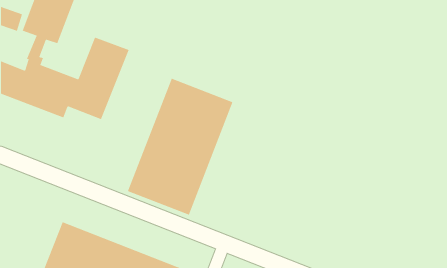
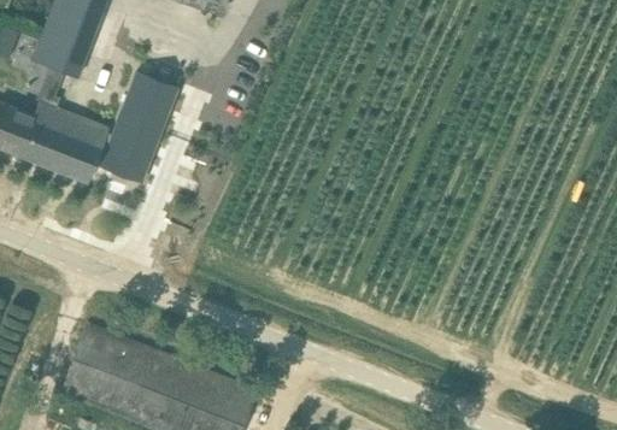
building: [127,78,233,215] -> none

